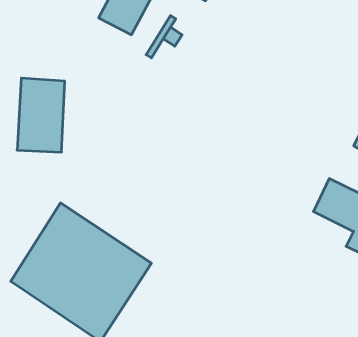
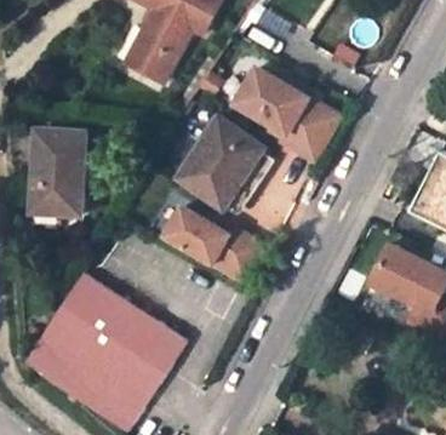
building: none -> [231,67,336,160]
building: none -> [176,115,262,208]
building: none -> [161,206,262,285]

